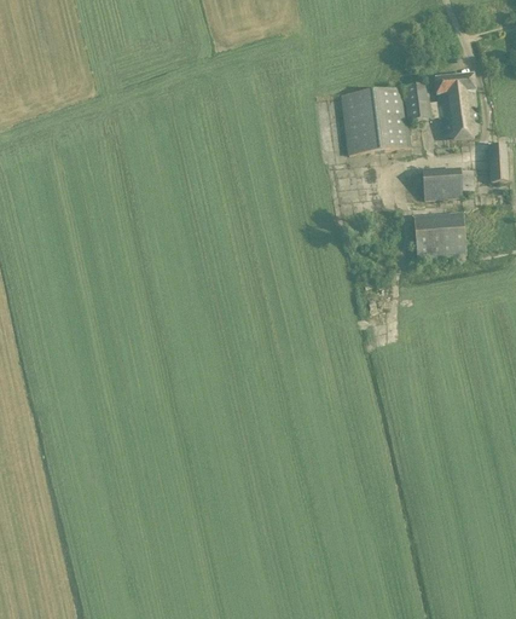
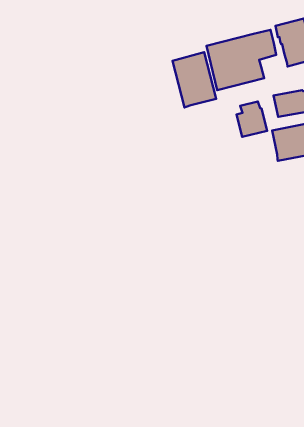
building: none -> [173,52,216,107]
building: none -> [236,101,267,137]

